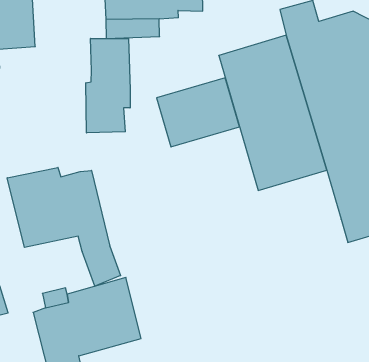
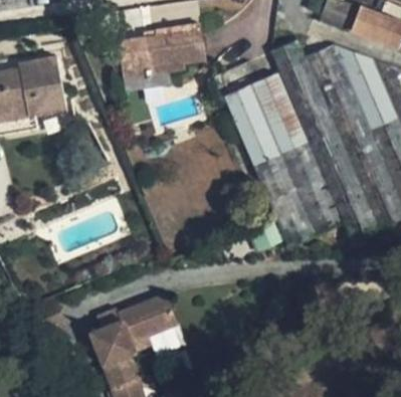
building: [86,38,130,133] -> none
building: [157,78,240,147] -> [269,182,343,246]
building: [7,167,121,286] -> none

